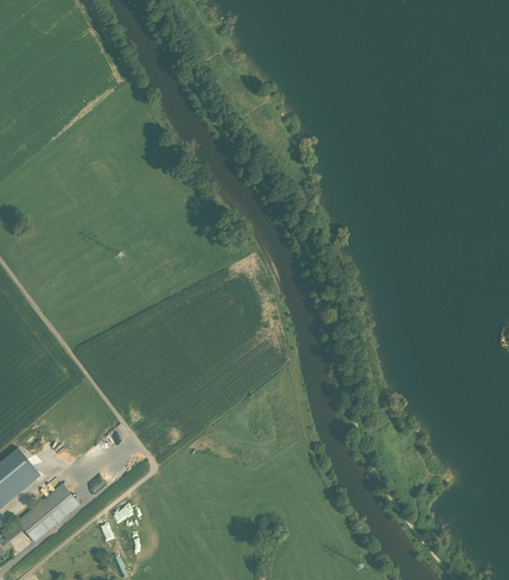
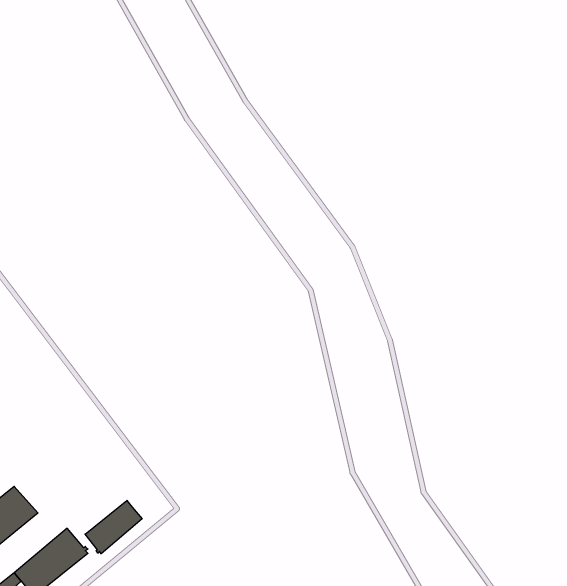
building: none -> [85,500,142,554]

